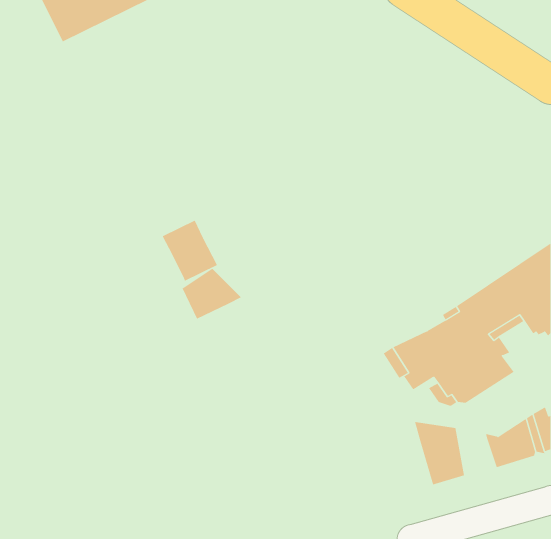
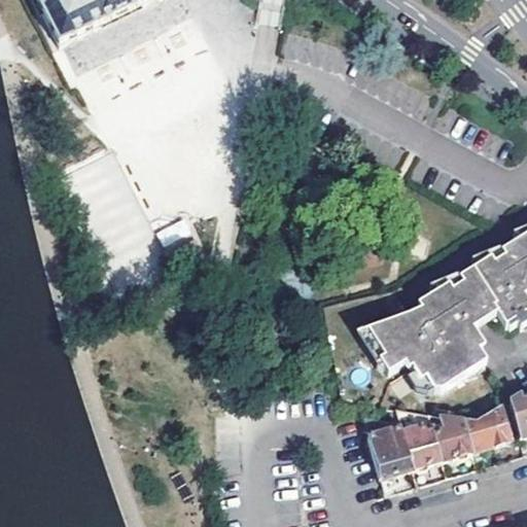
building: [182,268,242,319] -> none
building: none -> [435,409,473,454]
building: none -> [368,421,413,472]

